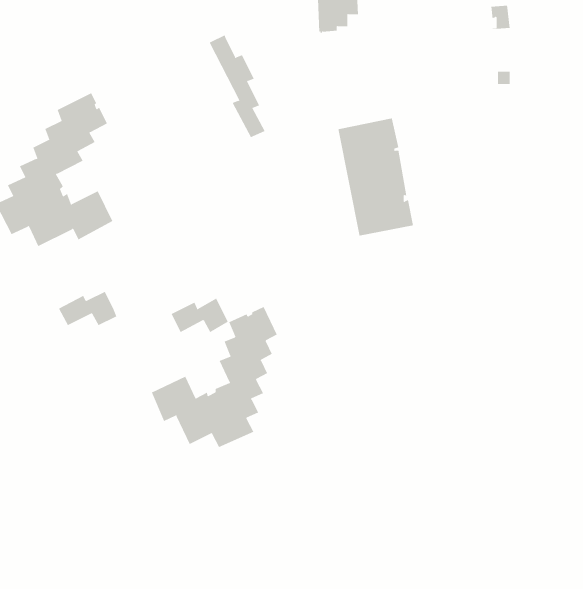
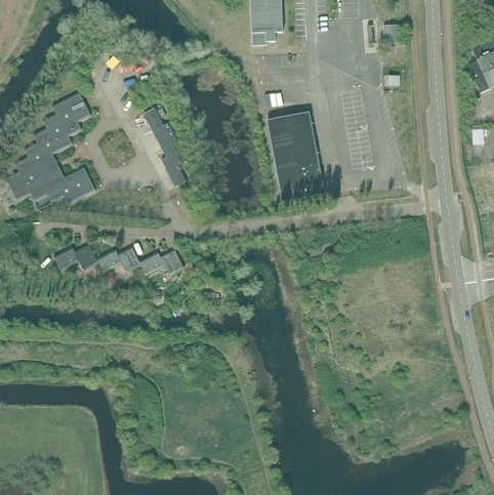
building: [209,34,265,138] -> [143,107,187,185]
building: none -> [96,246,141,273]
building: [151,306,277,448] -> none

